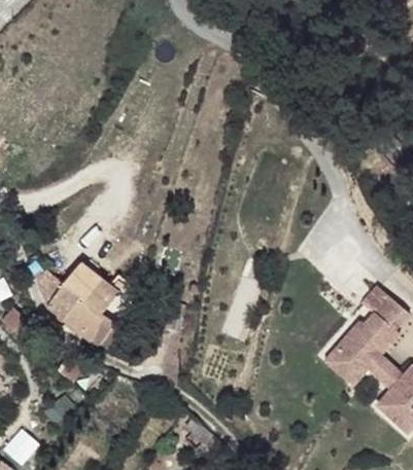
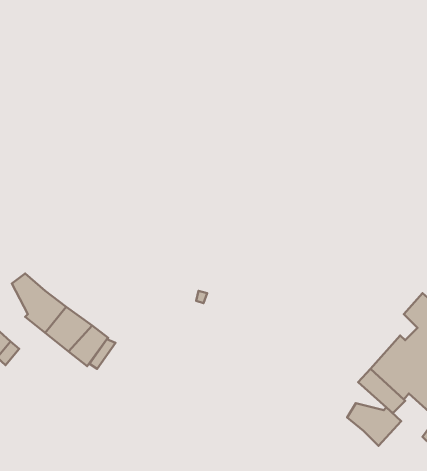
building: [63,261,118,312] -> none
building: none -> [347,403,401,446]

